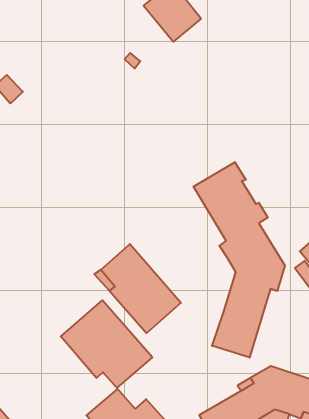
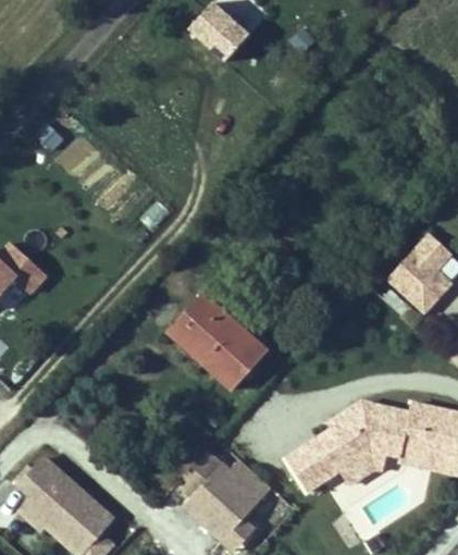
building: [194,162,285,358] -> none
building: [61,300,152,388] -> none

